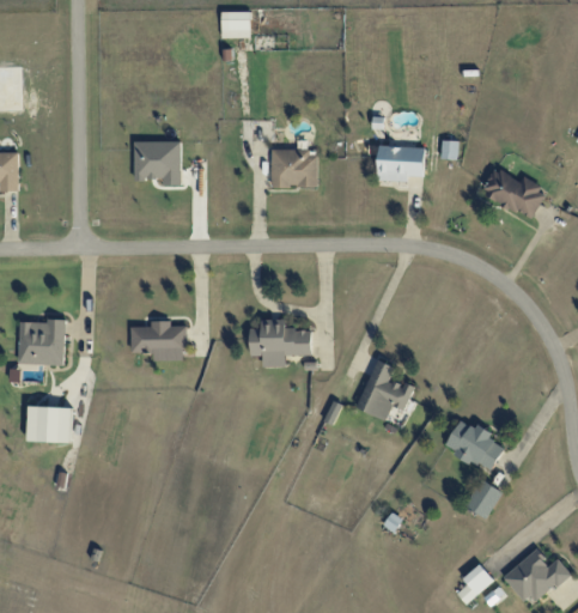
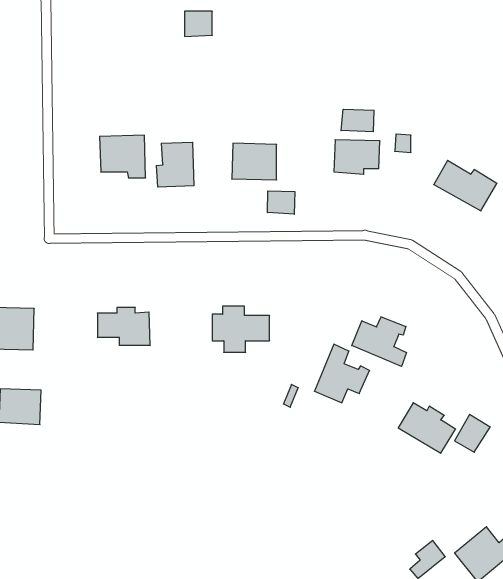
building: none -> [341,109,374,132]
building: none -> [156,142,194,187]
building: none -> [267,191,295,214]
building: none -> [352,317,407,366]
building: [466,479,503,518] -> [455,414,490,452]

